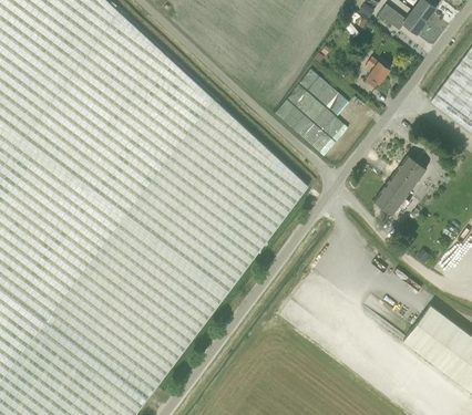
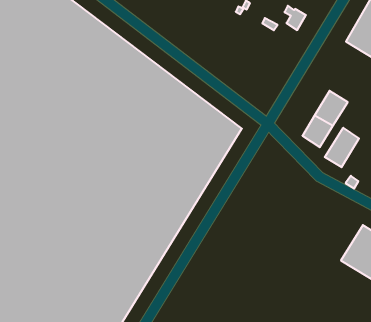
building: [275,70,350,157] -> none
building: none -> [325,128,359,167]

